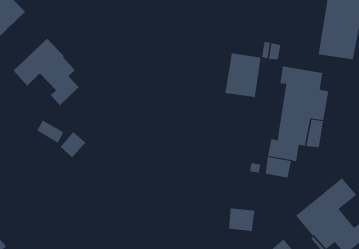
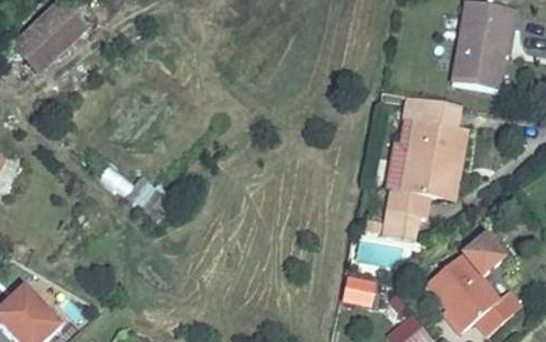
building: [13,38,79,106] -> none
building: [225,52,261,98] -> none

